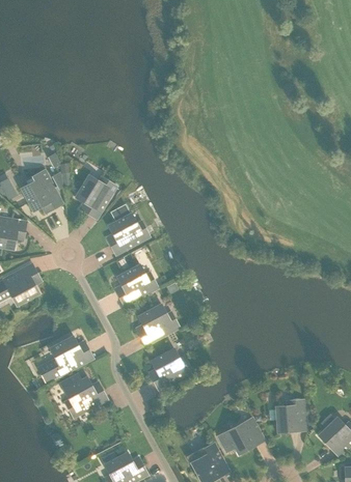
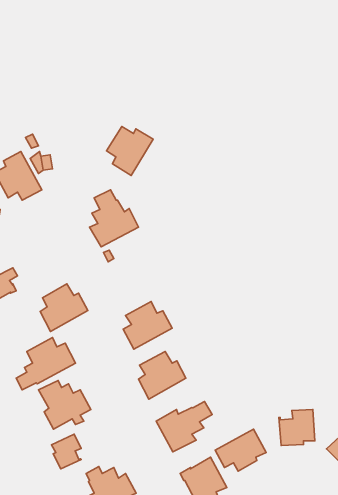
building: [74,173,115,217] -> [107,127,153,175]
building: [114,262,157,305] -> [40,284,88,331]
building: none -> [156,402,212,452]
building: none -> [51,434,81,469]

